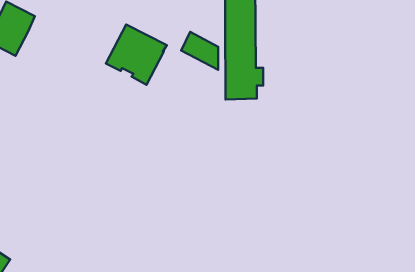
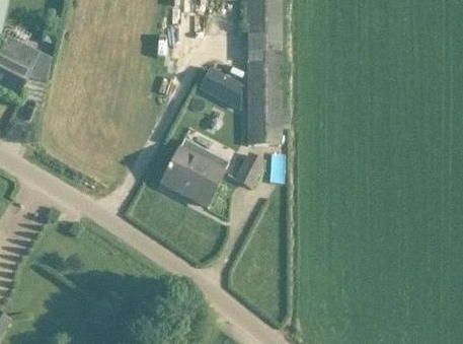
building: [106,25,167,85] -> [162,139,229,205]
building: none -> [235,152,264,189]

